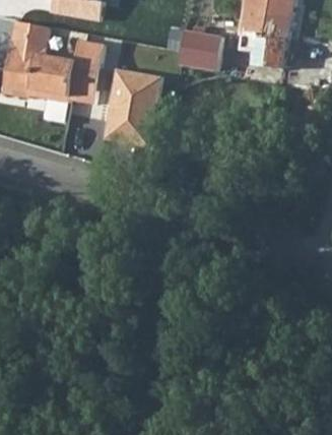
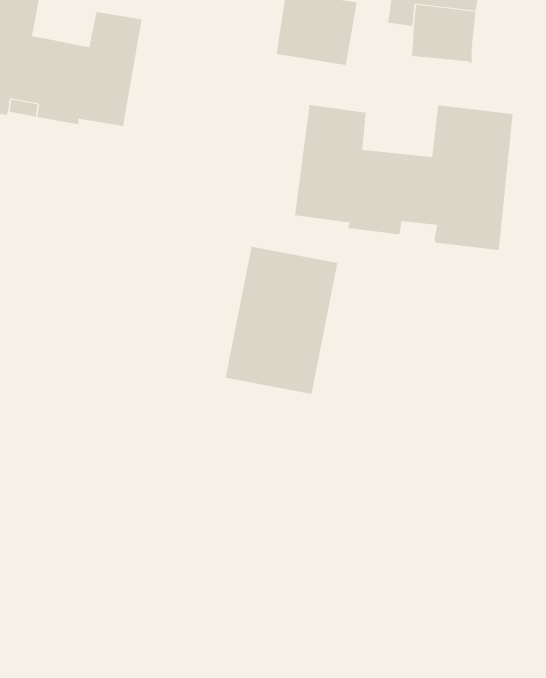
building: [96,66,158,147] -> [225,246,338,395]
building: none -> [294,104,513,251]

